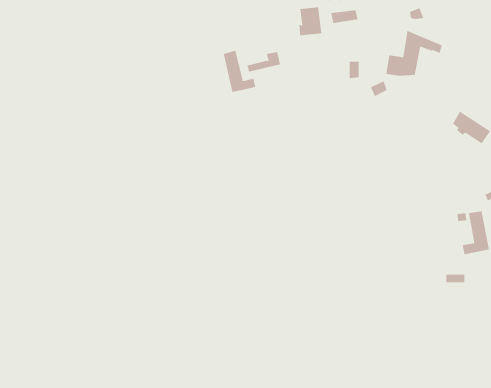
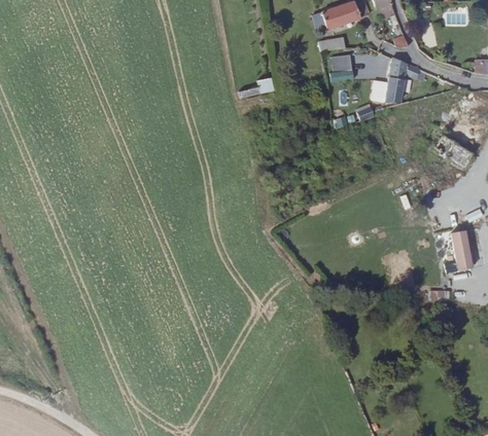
building: [298,7,322,36] -> [330,55,353,82]
building: [223,50,256,93] -> none

